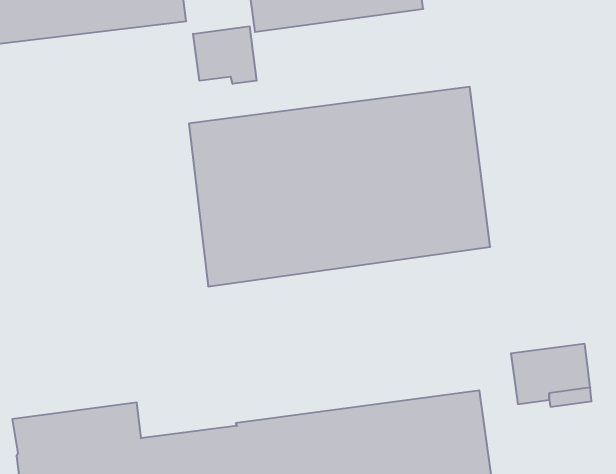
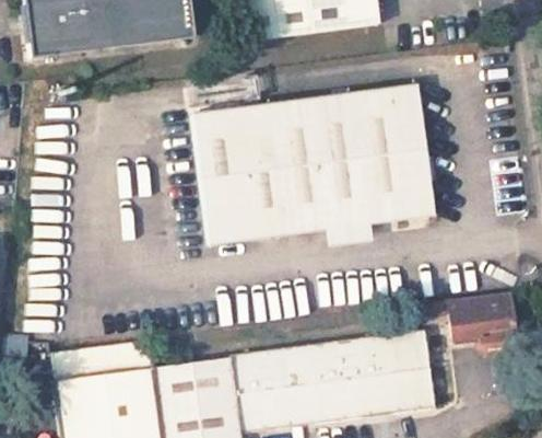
building: [193,26,257,84] -> none

